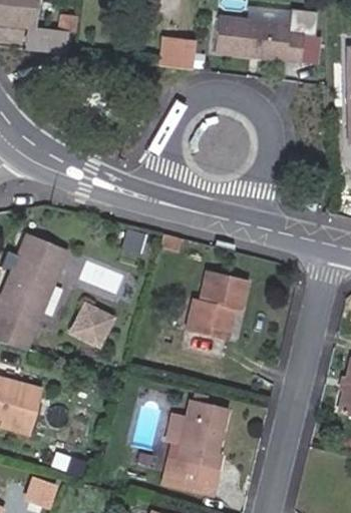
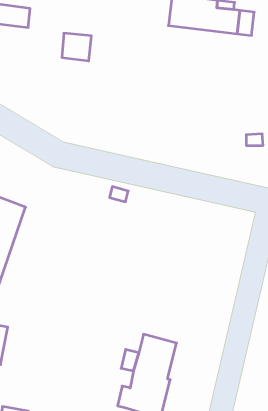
building: [157,36,191,67] -> [62,33,91,61]
building: [184,272,242,339] -> none
building: [72,301,121,350] -> none

